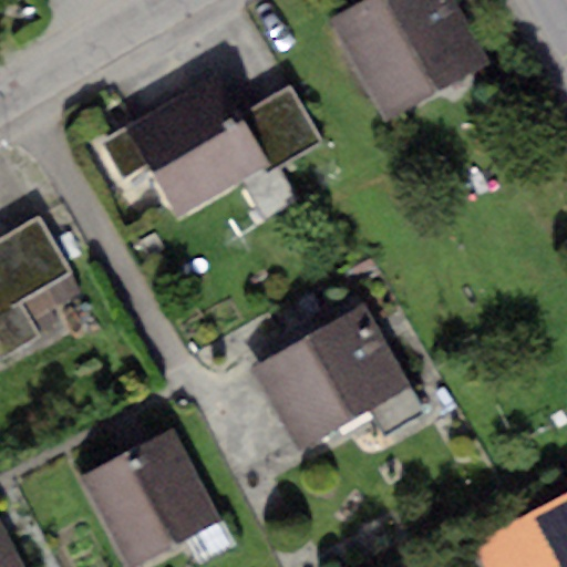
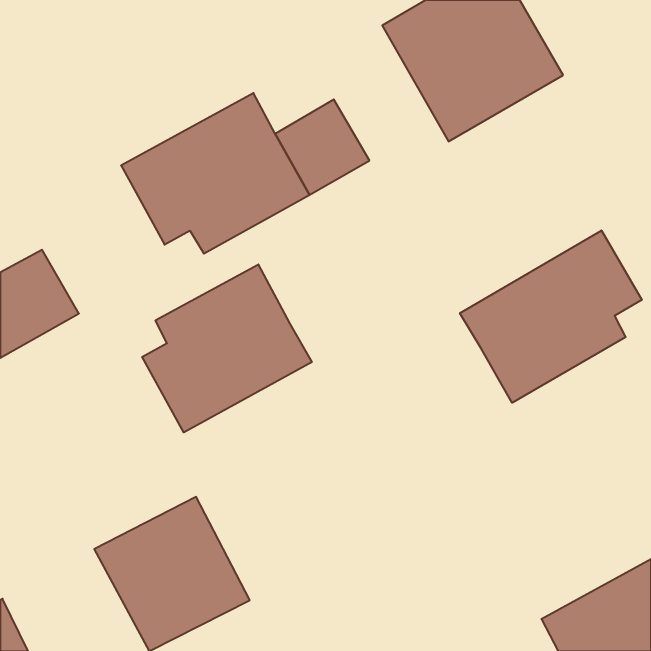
building: none -> [460,230,642,403]
building: none -> [142,264,312,432]
building: [251,303,427,445] -> none

